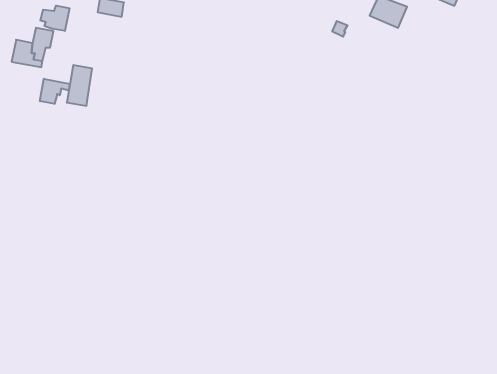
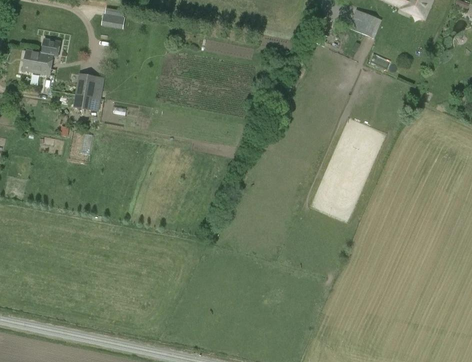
building: [40,6,70,31] -> none
building: [40,79,70,104] -> none

